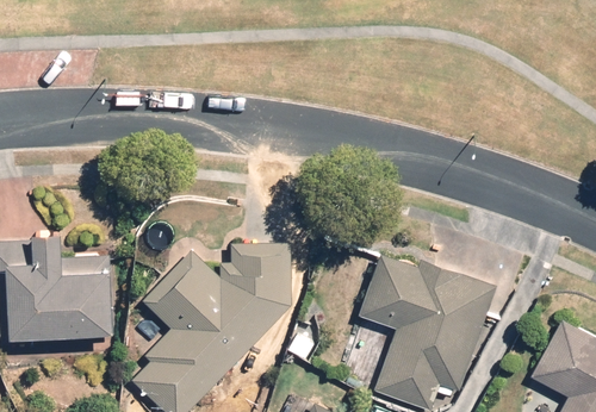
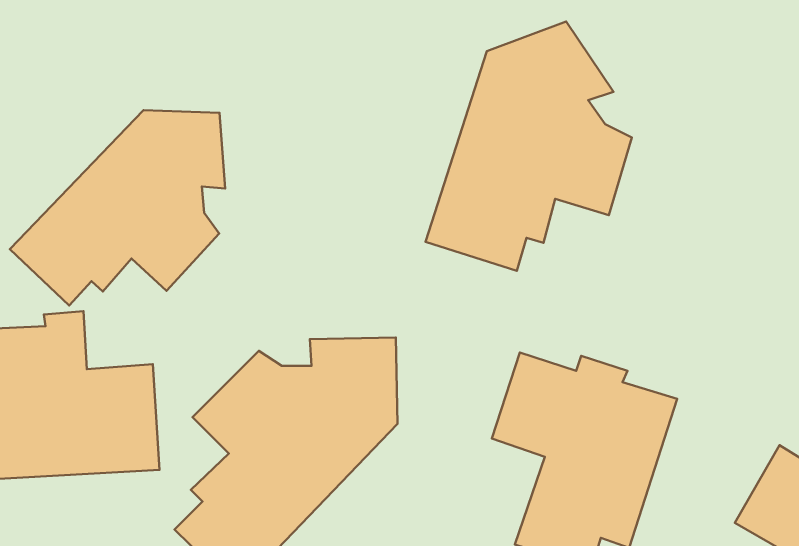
building: none -> [425,21,632,271]
building: none -> [10,110,225,305]

